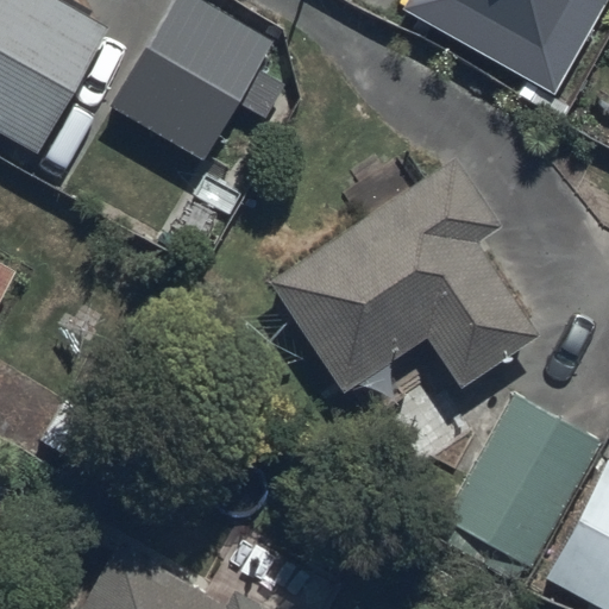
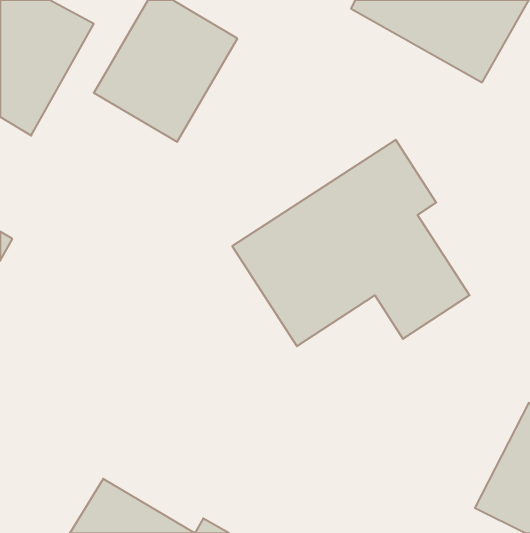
building: [445,393,601,582] -> none

